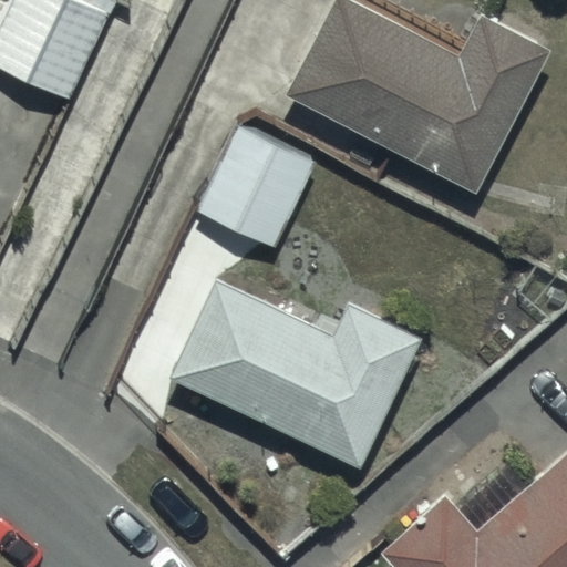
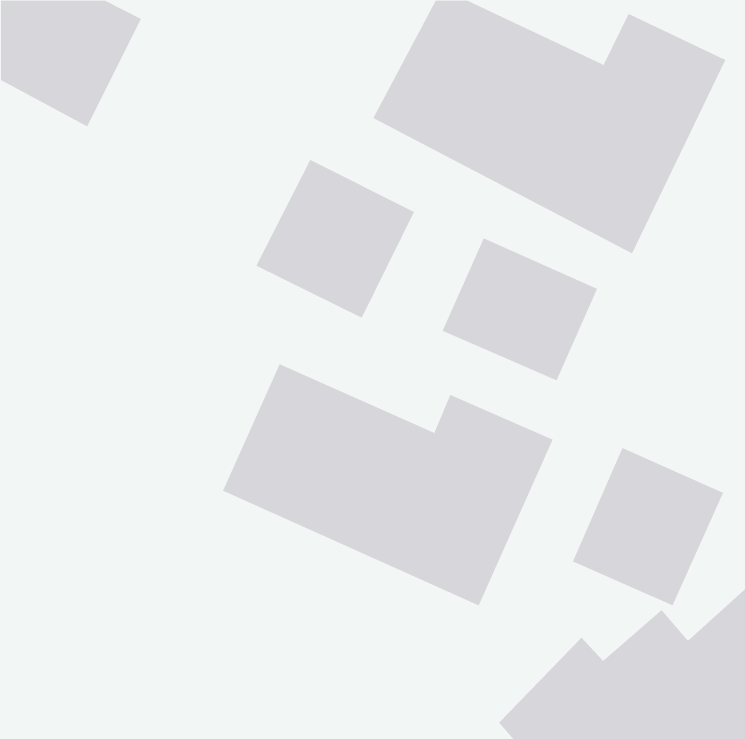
building: none -> [442,238,598,381]
building: none -> [572,447,724,606]

